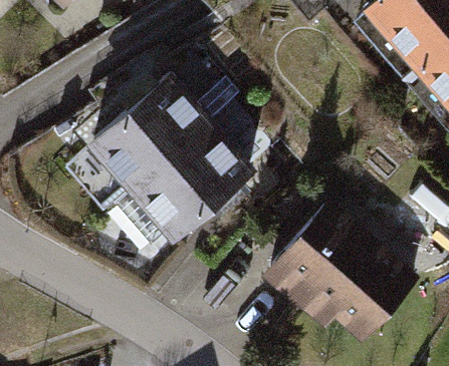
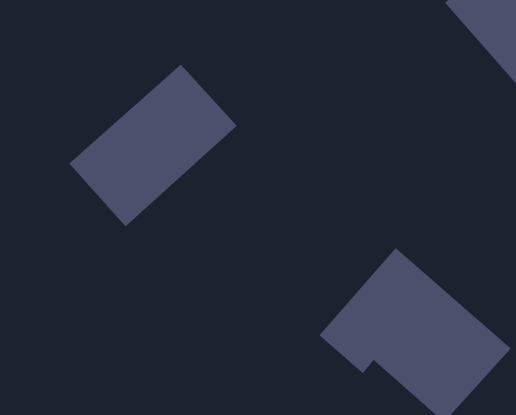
building: [127,121,252,243] -> none

